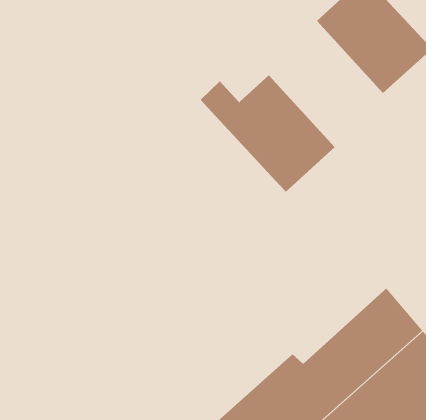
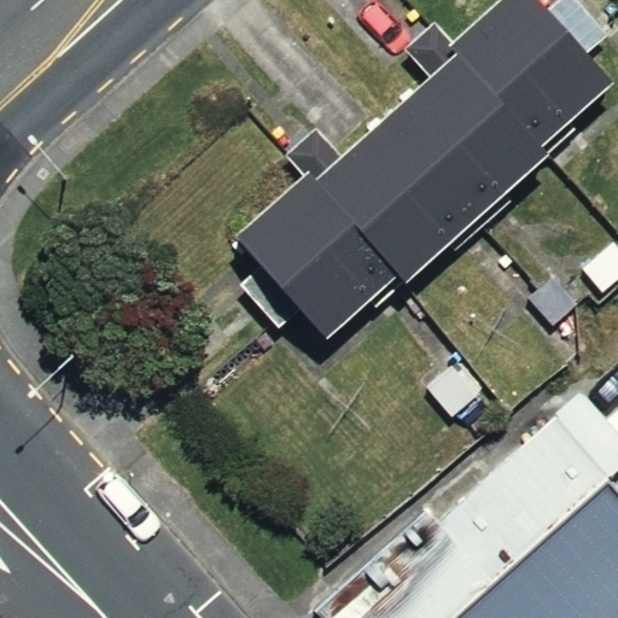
building: none -> [390,23,555,220]
building: none -> [238,171,404,339]

